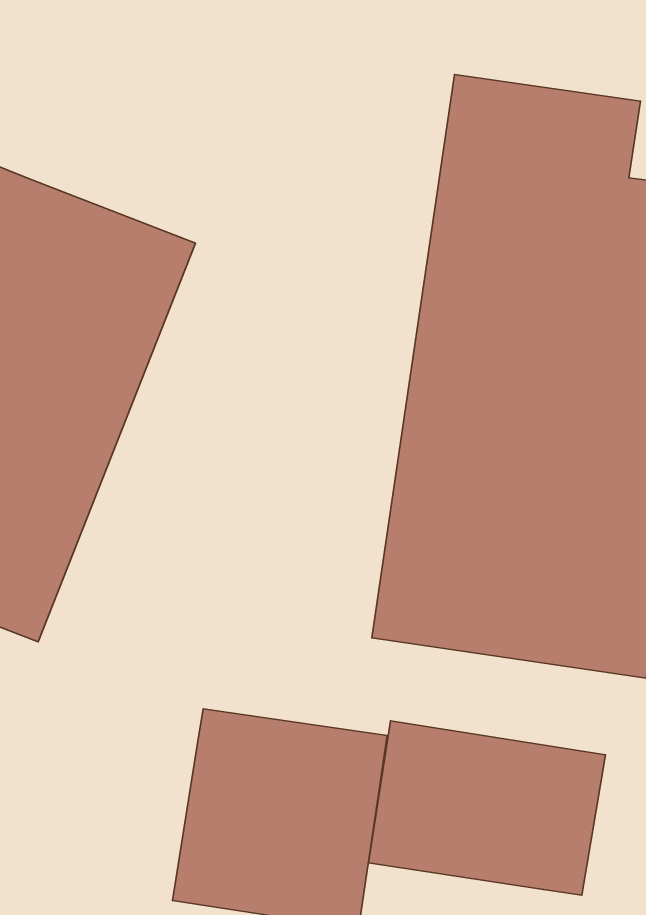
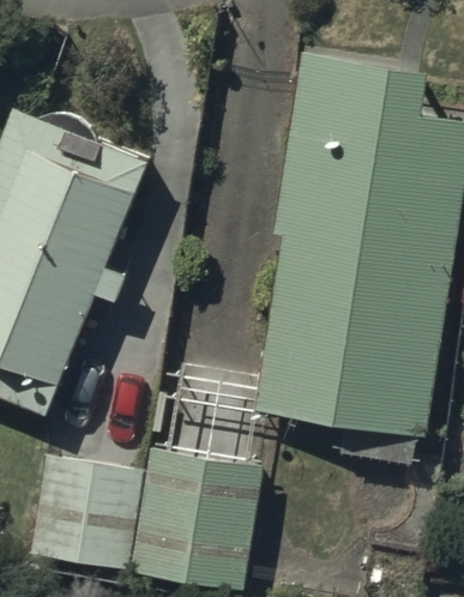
building: none -> [31,458,145,571]
building: [368,721,605,895] -> none

